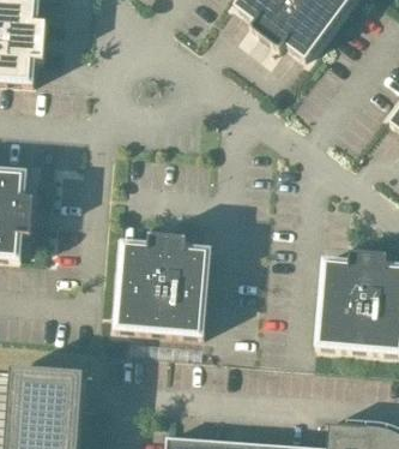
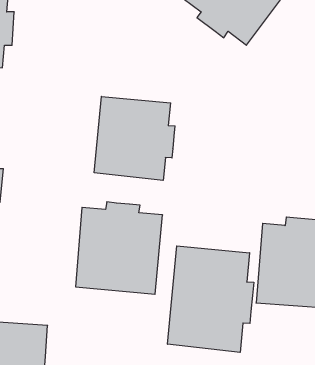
building: none -> [94,96,175,180]
building: none -> [168,246,254,352]

